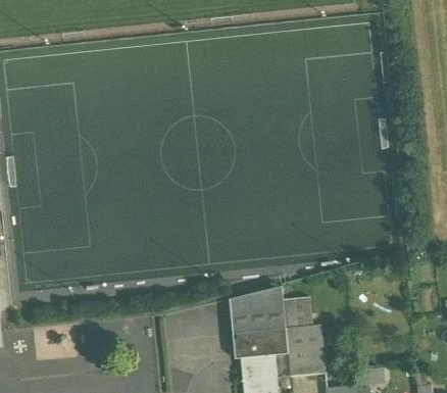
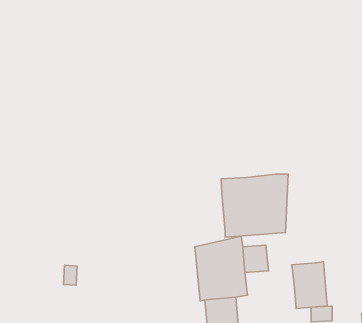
building: none -> [221,174,288,237]
building: [285,324,325,376] -> [292,262,327,308]

